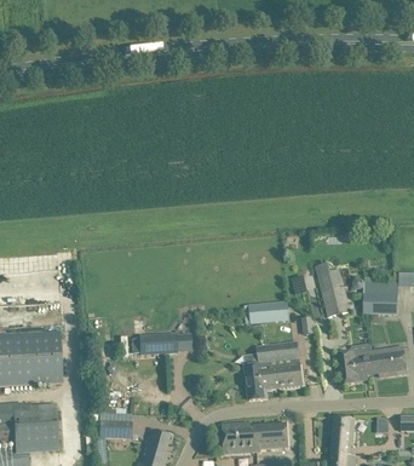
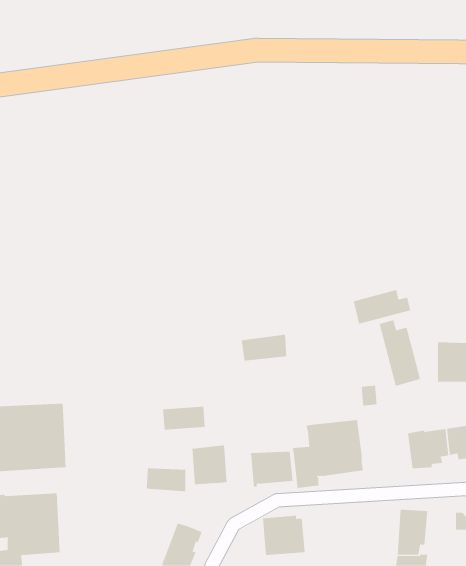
building: none -> [353,289,411,324]
building: [249,299,287,321] -> [241,334,287,361]
building: none -> [192,444,227,485]
building: [99,419,132,438] -> [146,468,186,492]
building: [254,421,289,450] -> [250,451,293,487]

